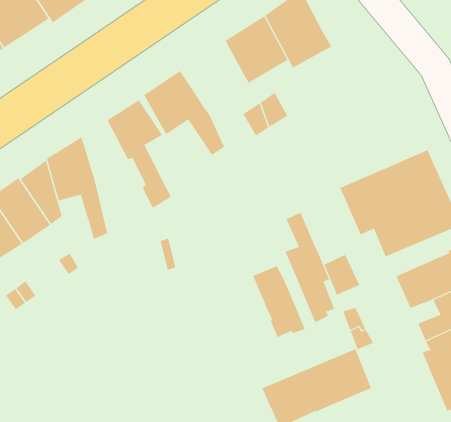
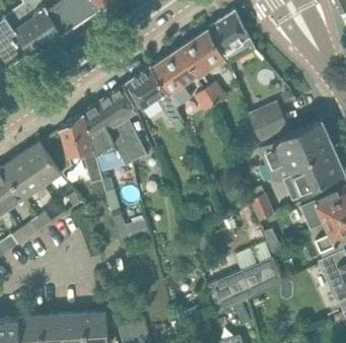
building: none -> [151,46,198,107]
building: none -> [83,100,132,165]
building: none -> [249,104,289,141]
building: [285,212,335,323] -> none
building: [252,265,306,338] -> none

